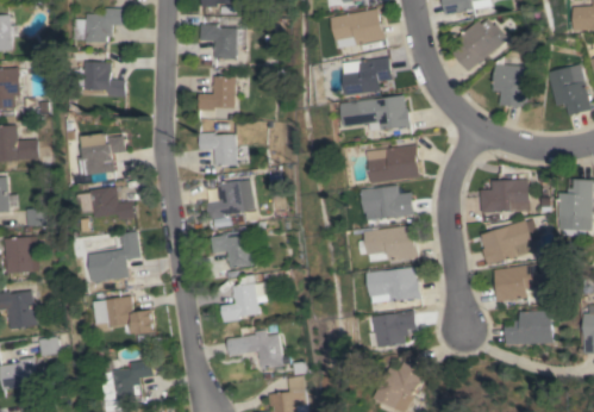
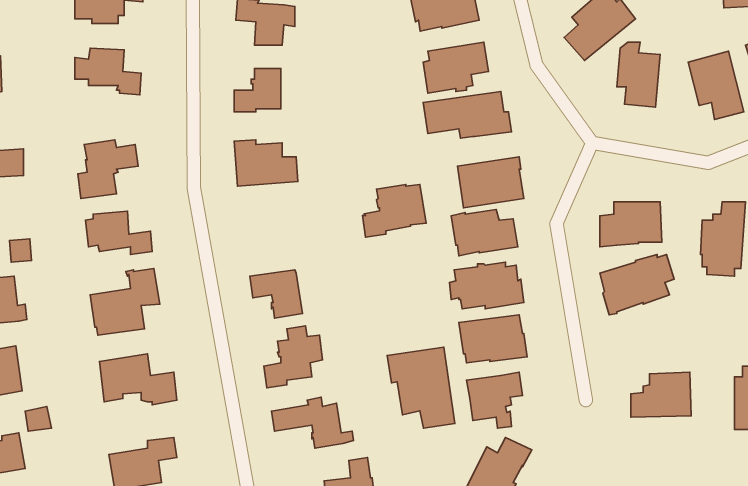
building: [205,180,254,220] -> [363,184,426,237]
building: [492,263,542,304] -> none
building: none -> [387,347,455,428]

